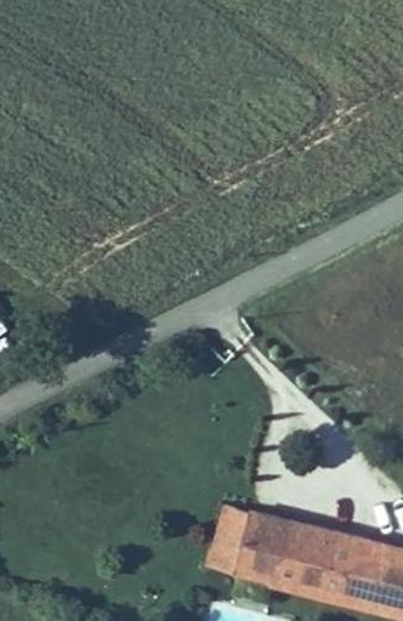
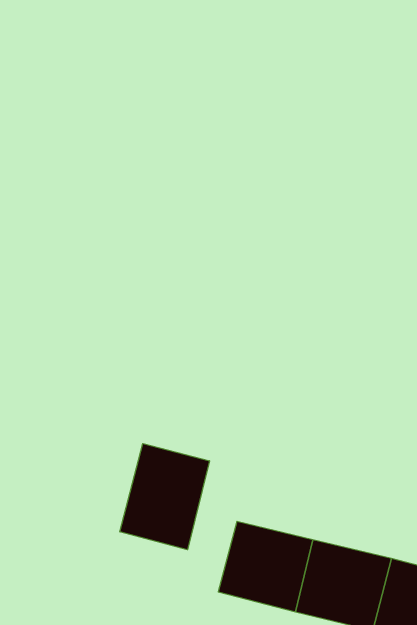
building: none -> [120,444,209,550]

